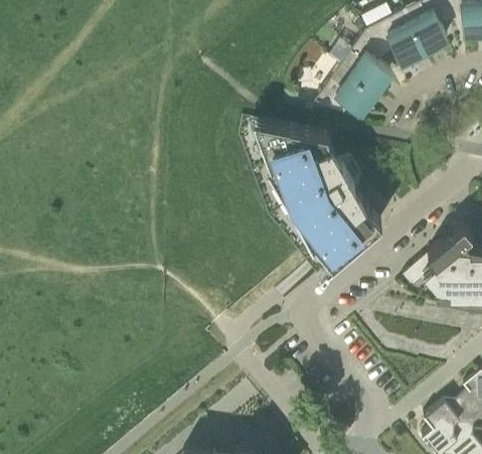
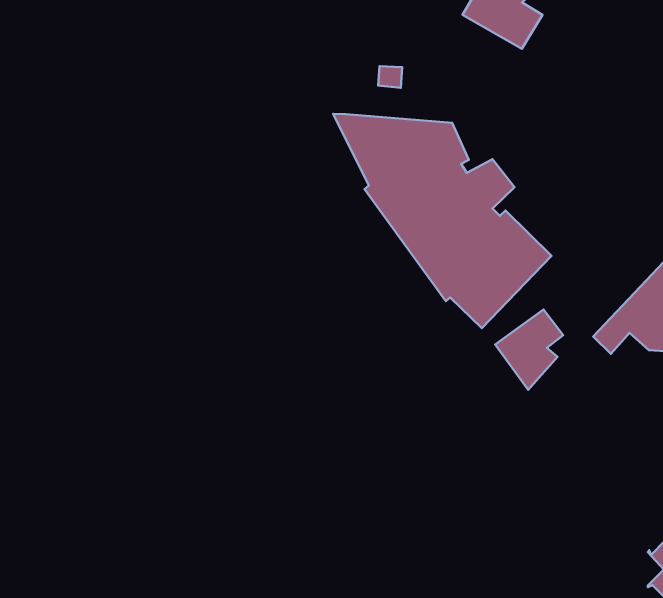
building: [314,71,375,120] -> none
building: none -> [495,309,563,390]

